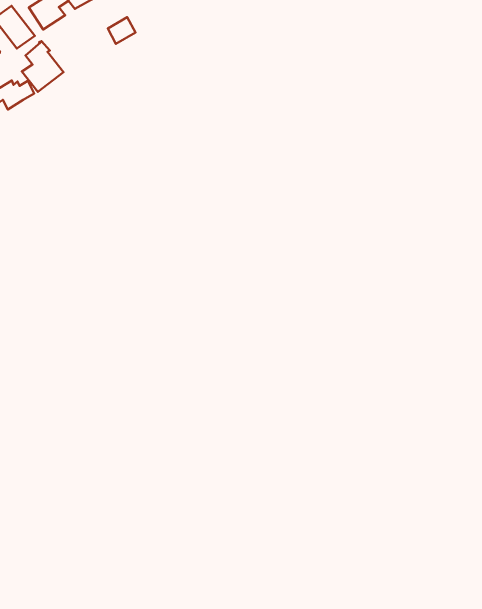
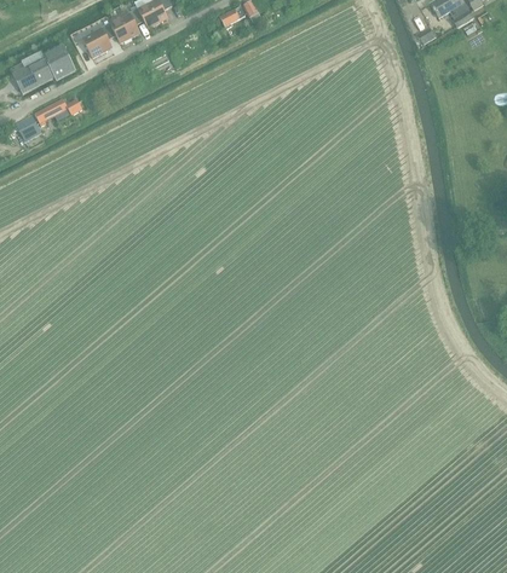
building: [22,41,63,92] -> none

